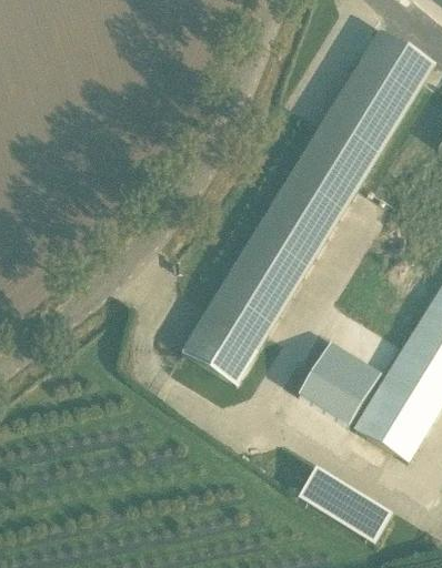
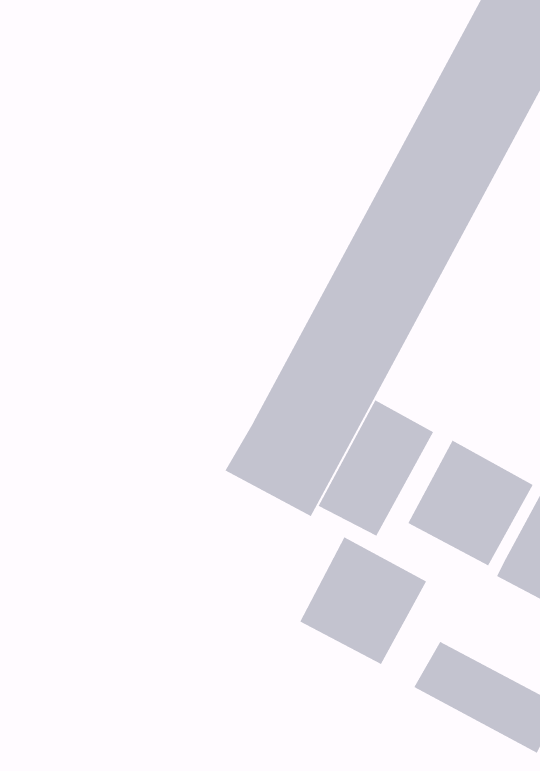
building: none -> [318,399,434,536]
building: none -> [299,537,427,665]

